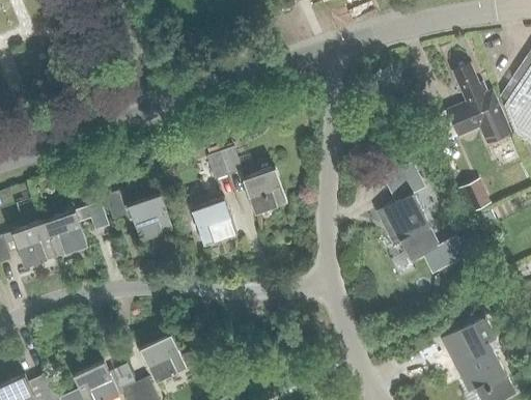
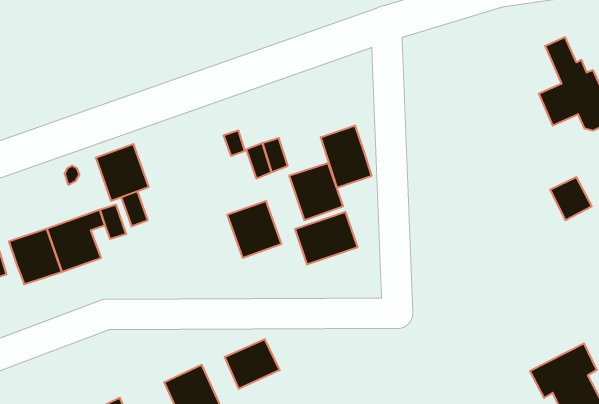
building: none -> [321,125,371,188]
building: [382,163,465,270] -> none
building: [128,194,171,240] -> [96,144,149,201]
building: none -> [295,212,357,265]
building: none -> [225,339,280,389]

